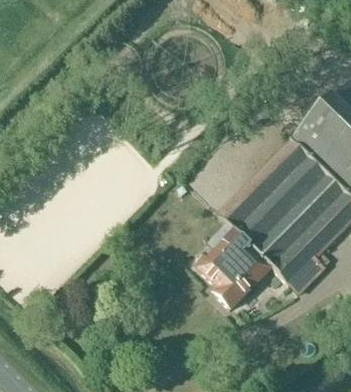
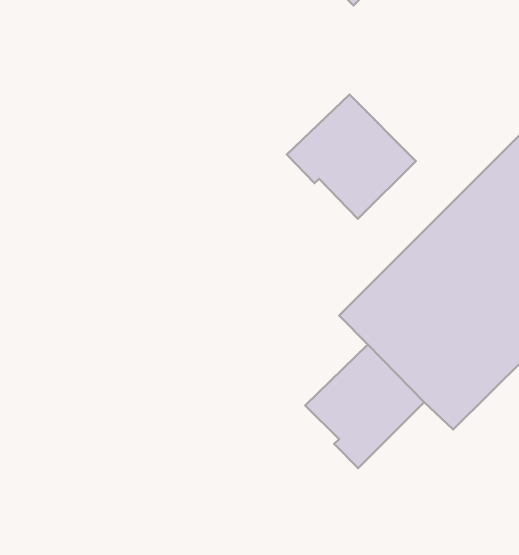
building: none -> [287,94,416,219]

